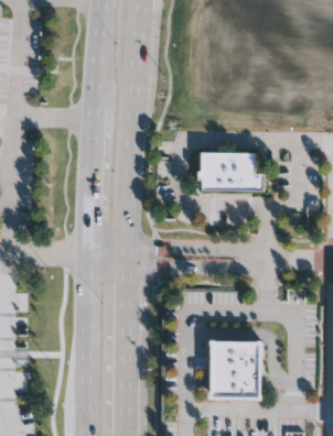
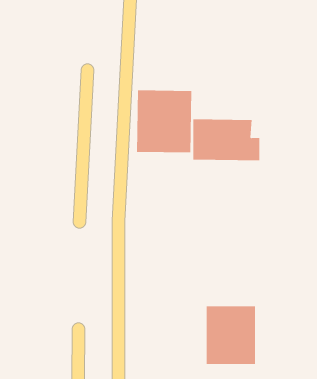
building: none -> [136,90,192,153]

